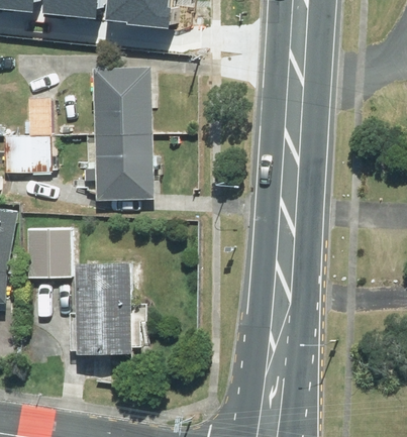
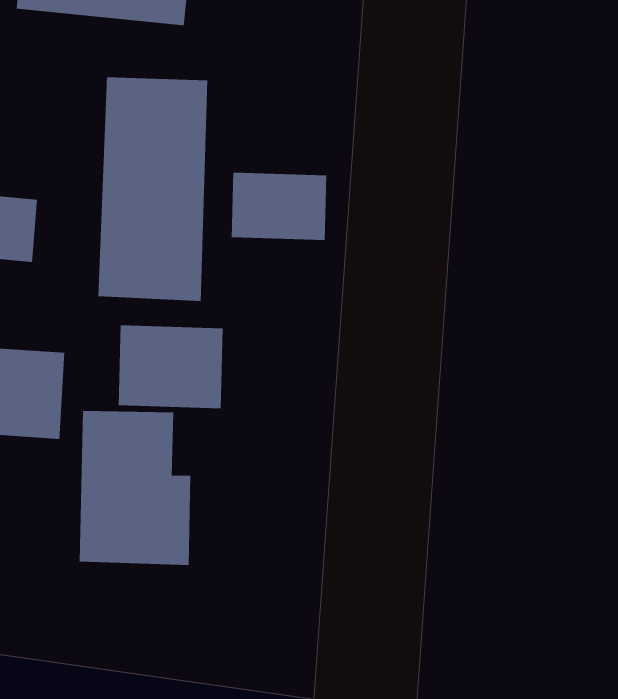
building: none -> [231,172,327,241]
building: none -> [118,324,223,409]

